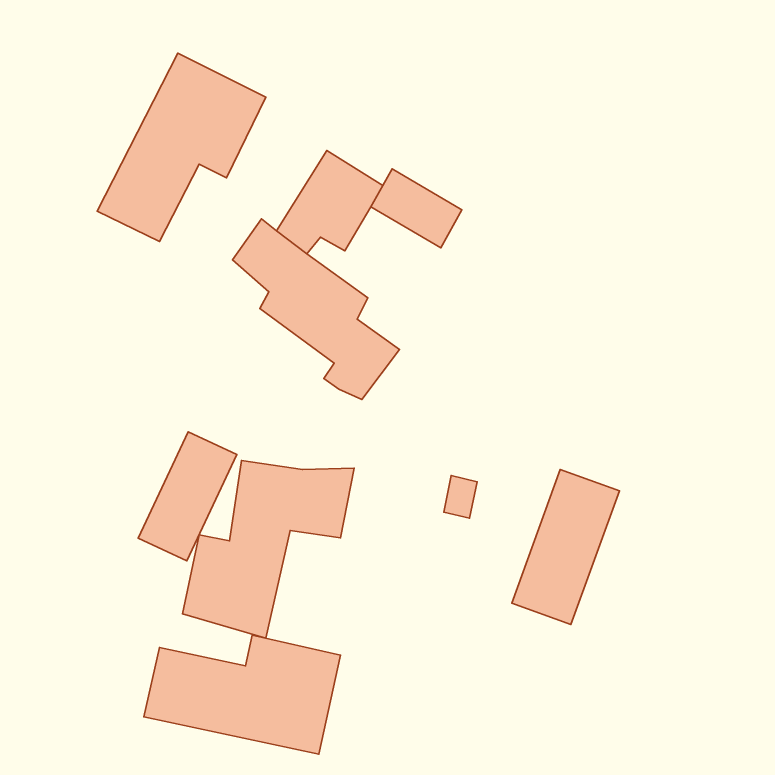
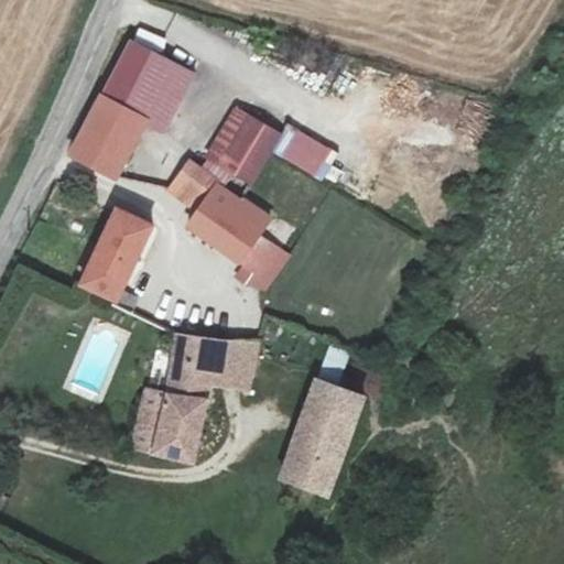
building: [138,432,237,561] -> [78,207,150,301]
building: [512,469,620,624] -> [283,381,361,494]
building: [144,635,341,754] -> none

